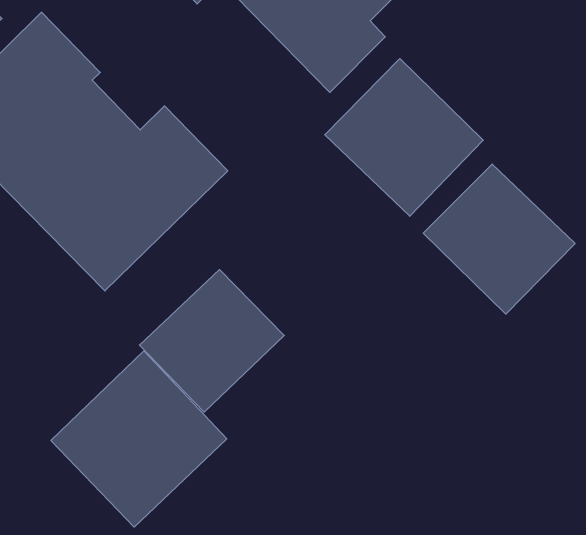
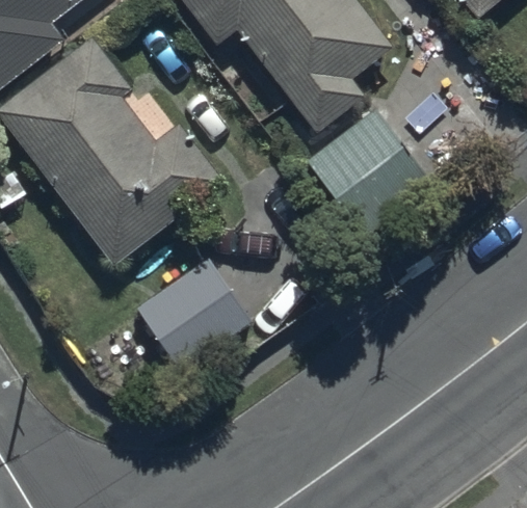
building: [423,164,575,314] -> none
building: [51,351,227,527] -> none

